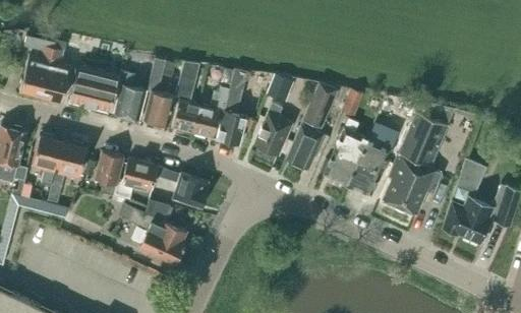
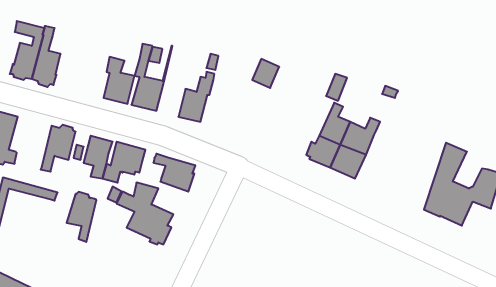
building: [71,47,119,112] -> none
building: [172,61,199,133] -> none
building: [217,70,247,145] -> none
building: [287,81,339,169] -> none
building: [383,102,449,215] -> none
building: [254,104,292,155] -> none
building: [32,134,62,185] -> [67,192,96,242]

